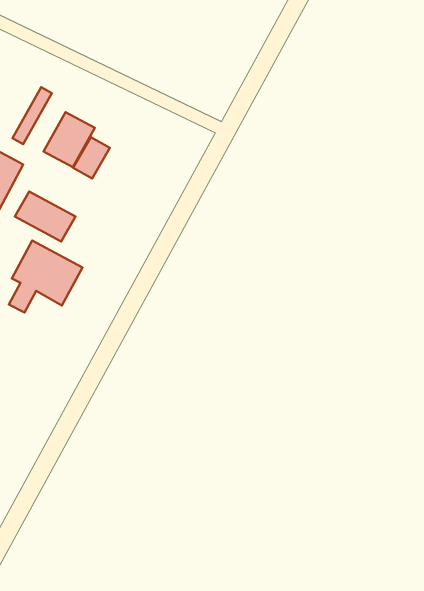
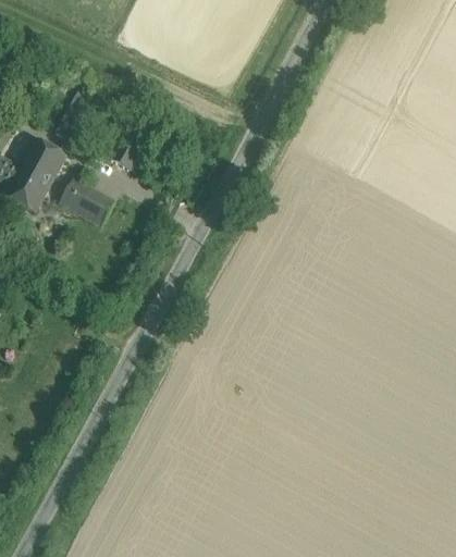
building: [44,112,95,167] -> none
building: [9,240,82,312] -> none

